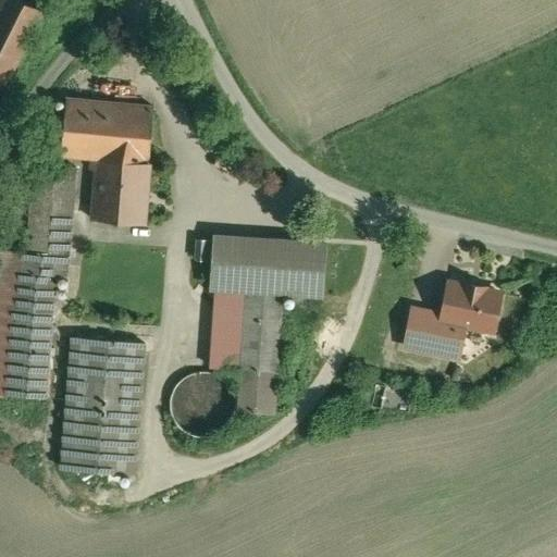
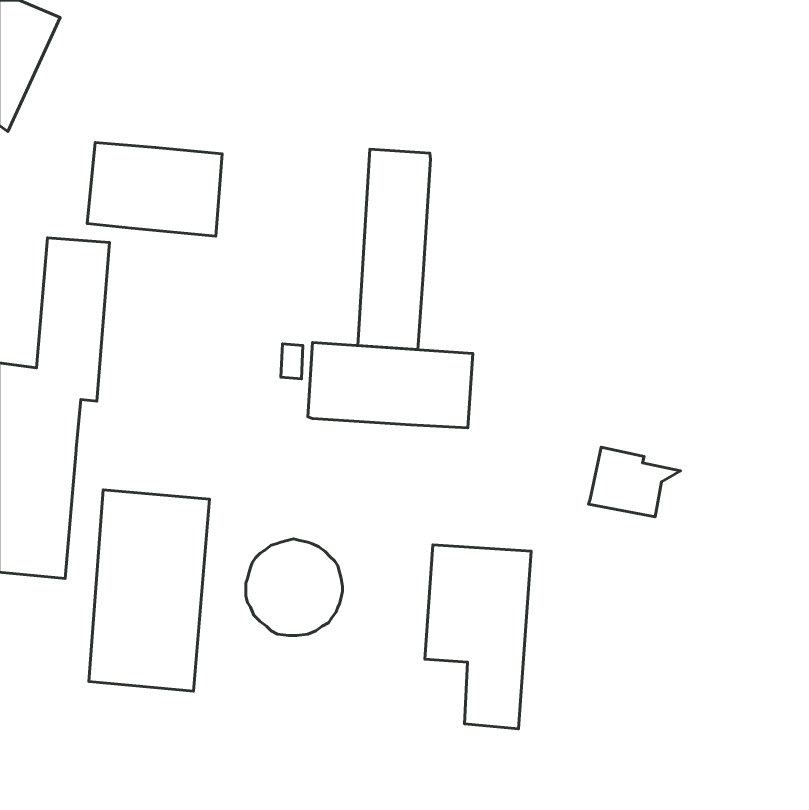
building: none -> [358,149,430,349]
building: [89,157,148,222] -> none
building: [441,282,499,330] -> none
building: [209,287,282,413] -> [425,545,531,729]

